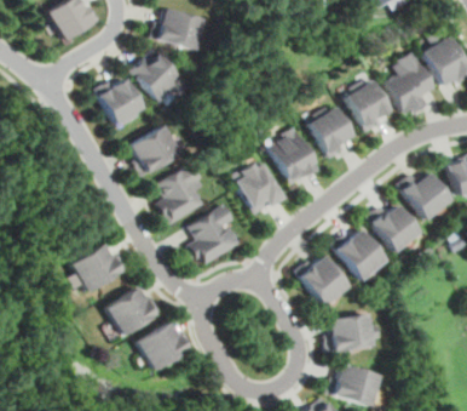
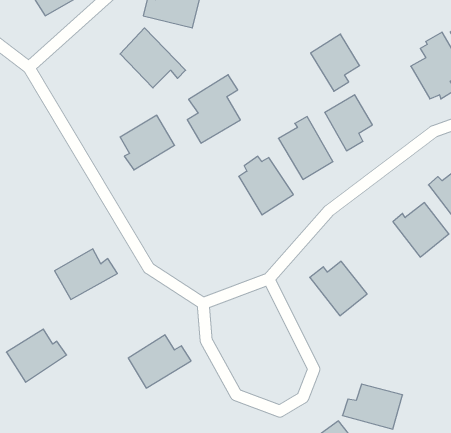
building: [96,79,140,124] -> none
building: [347,81,391,132] -> [311,34,360,91]
building: [156,165,203,226] -> [187,75,240,143]
building: [188,206,238,264] -> none
building: [333,230,386,280] -> none
building: [105,287,158,335] -> [6,329,67,382]
building: [325,314,380,353] -> none

